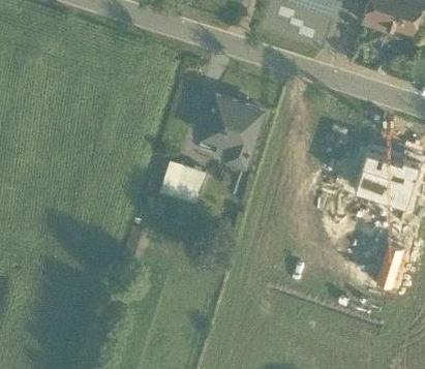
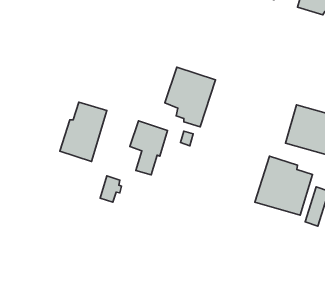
building: none -> [60,102,107,161]
building: none -> [255,156,312,215]

